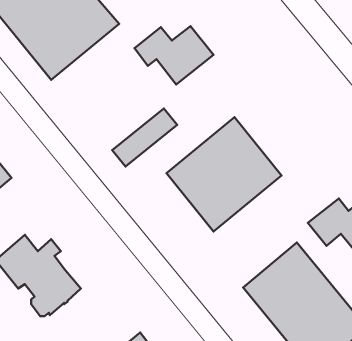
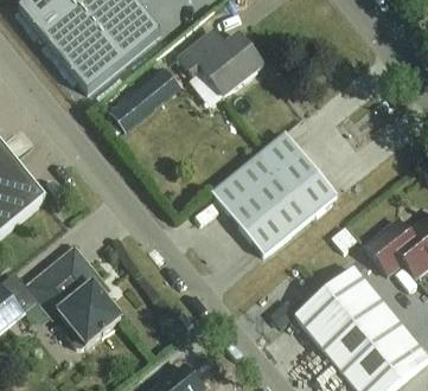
building: [112,108,177,167] -> [110,68,180,130]

